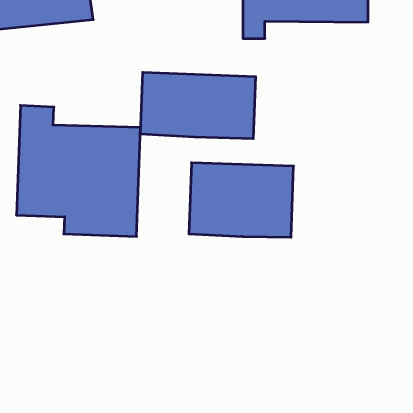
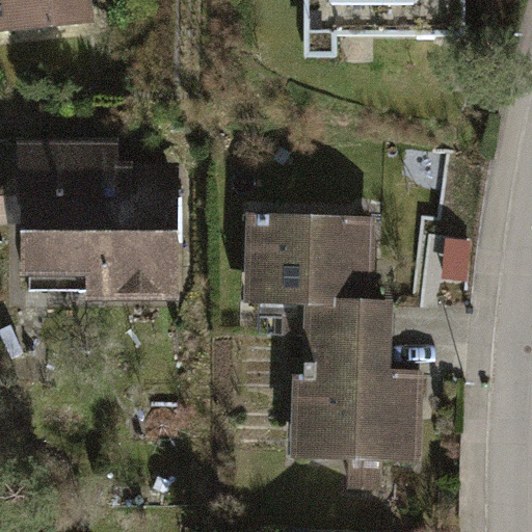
building: [140,72,256,139] -> none
building: none -> [290,300,419,460]

